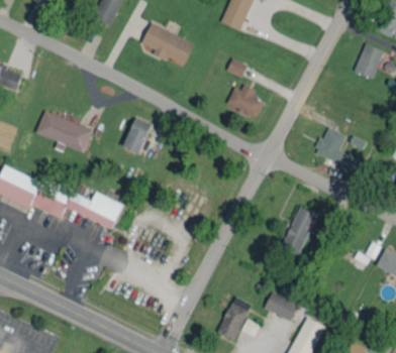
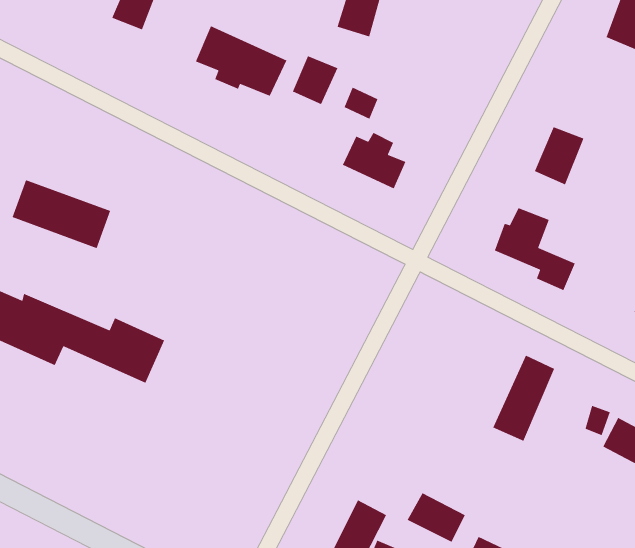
building: none -> [292,55,338,105]
building: [355,43,384,78] -> [534,126,585,186]
building: [122,117,151,152] -> none
building: [281,206,317,256] -> [492,354,555,442]

